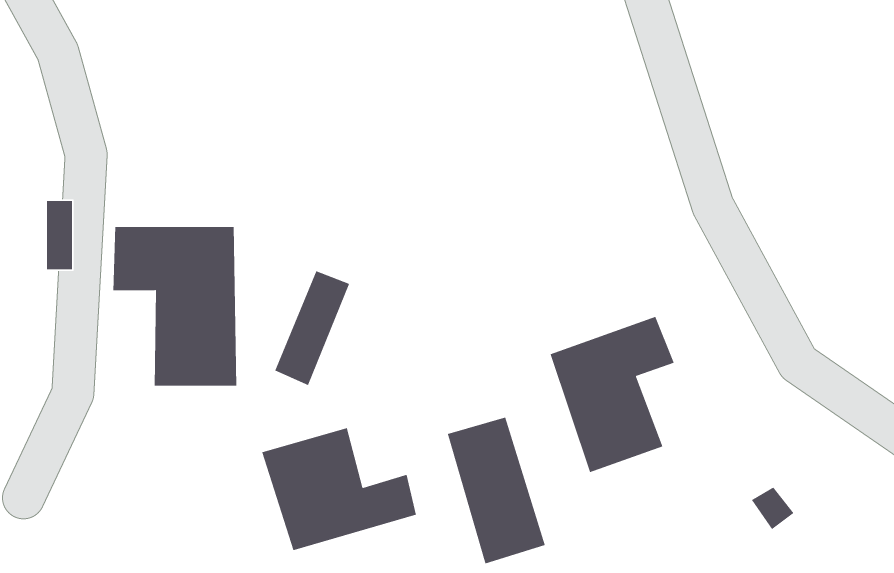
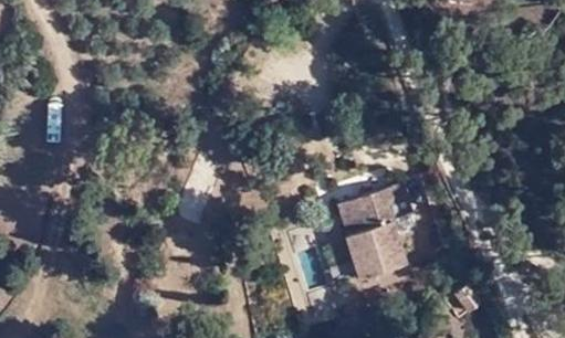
building: [112,226,237,387] -> none
building: [261,427,417,551] -> none

